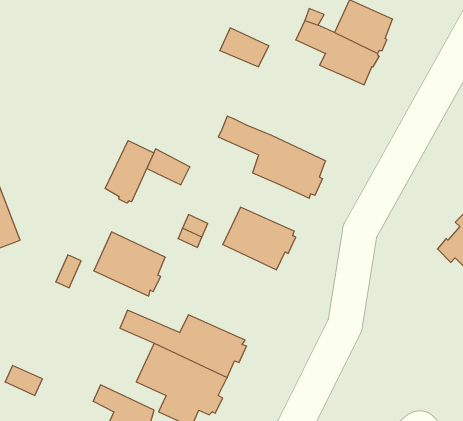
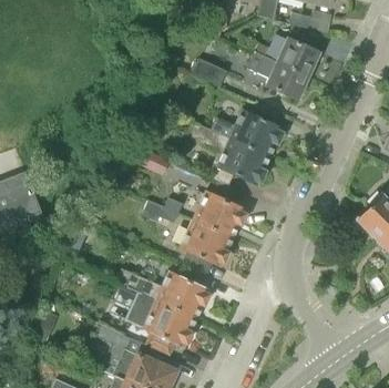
building: none -> [211,103,284,157]
building: [105,141,154,203] -> none
building: [94,232,165,296] -> [180,219,233,267]

